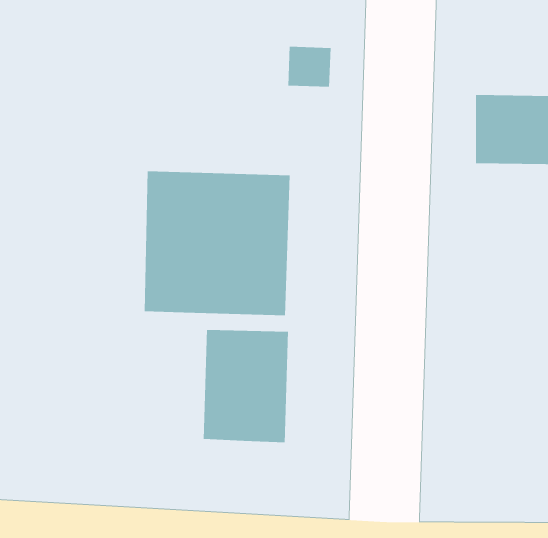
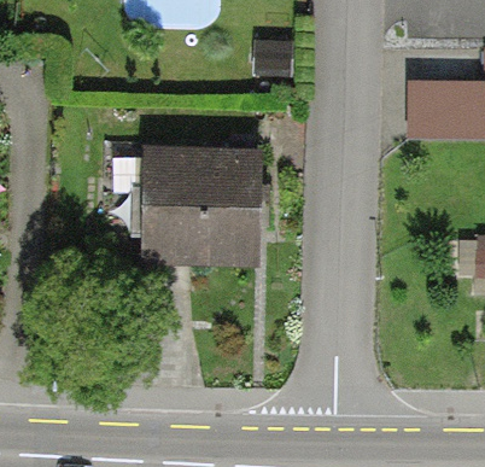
building: [203,329,289,443] -> none

